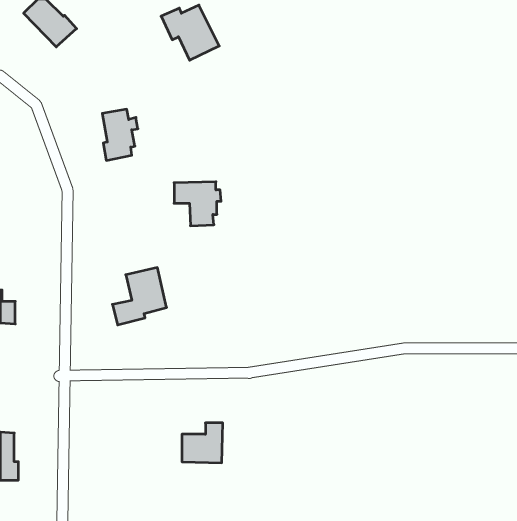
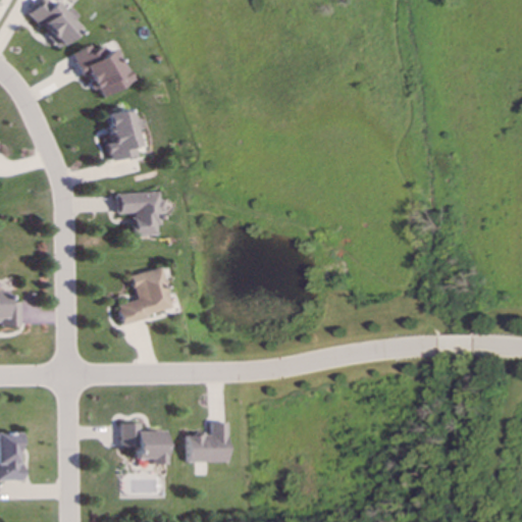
building: [161,5,219,60] -> [72,42,130,97]
building: [174,182,221,226] -> [118,192,165,236]
building: none -> [120,422,164,464]

